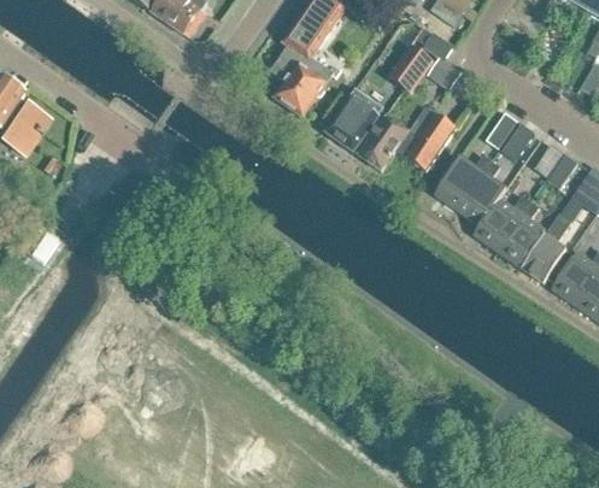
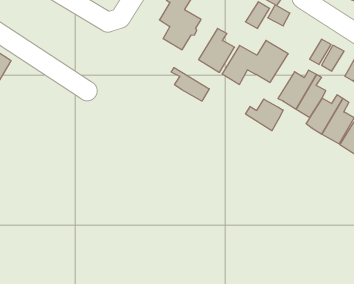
building: none -> [171,68,209,101]
building: none -> [246,99,283,131]

